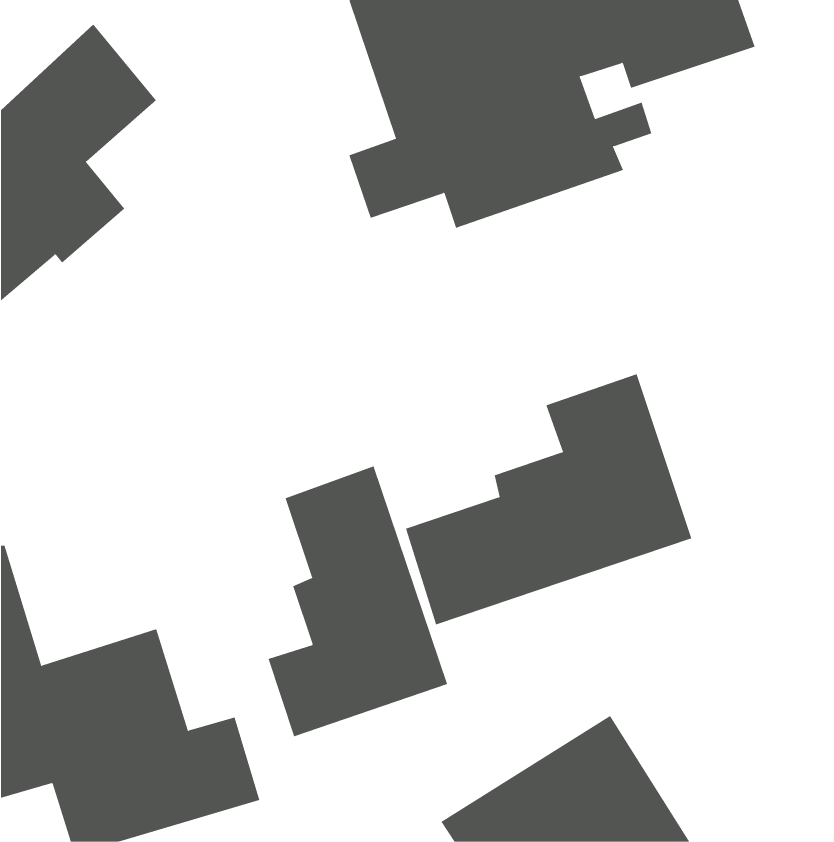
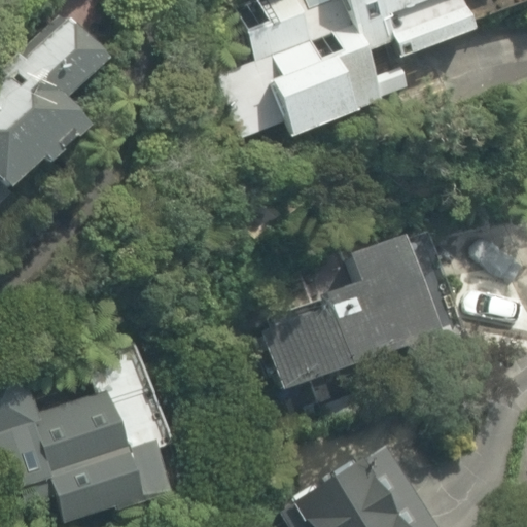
building: [268,466,448,737] -> none

